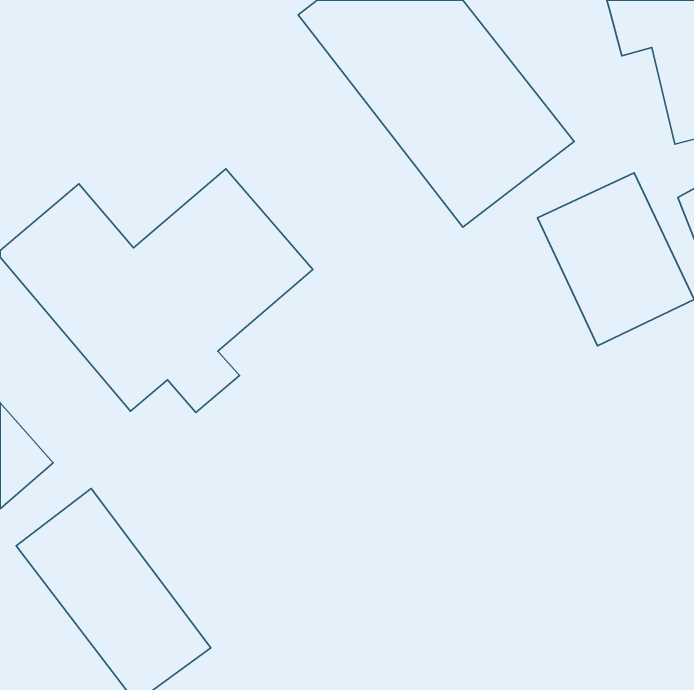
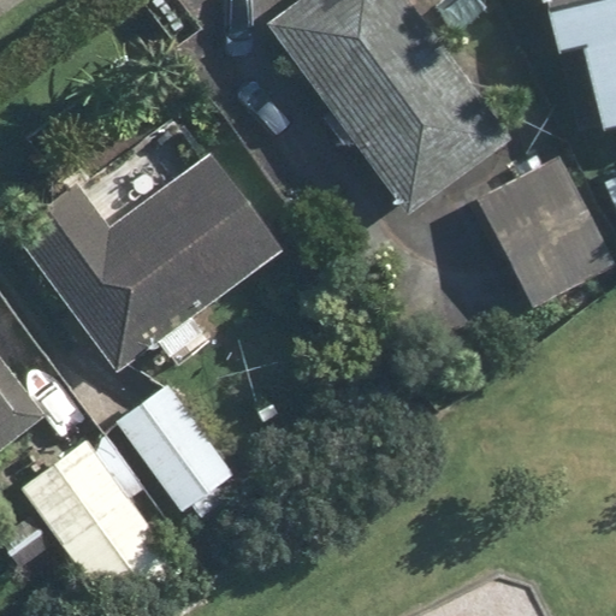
building: none -> [117,374,259,531]

